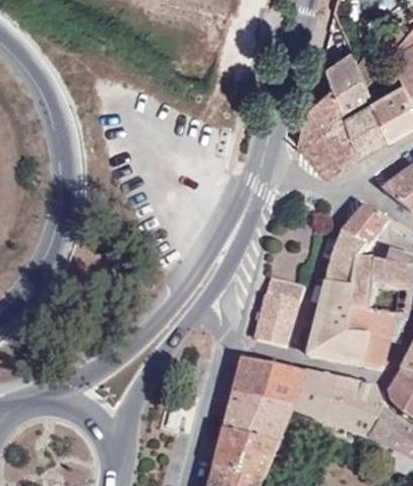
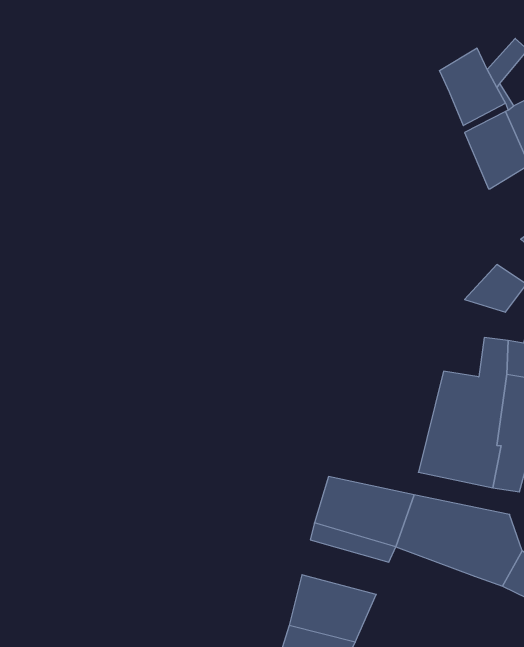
building: [299,79,359,176] -> none
building: [327,230,371,286] -> none
building: [254,277,303,346] -> none
building: [224,404,287,443] -> none

